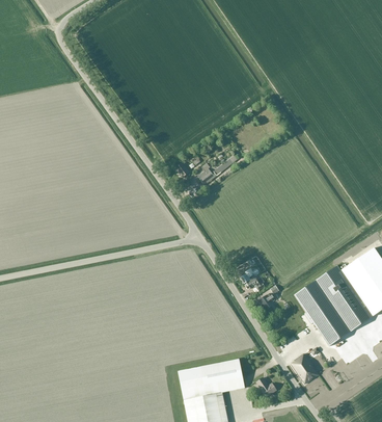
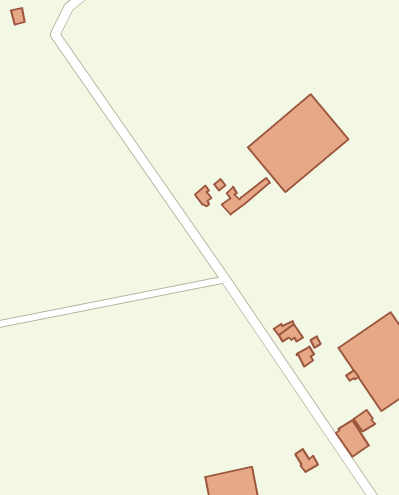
building: none -> [248,94,348,192]
building: [179,359,245,399] -> none

